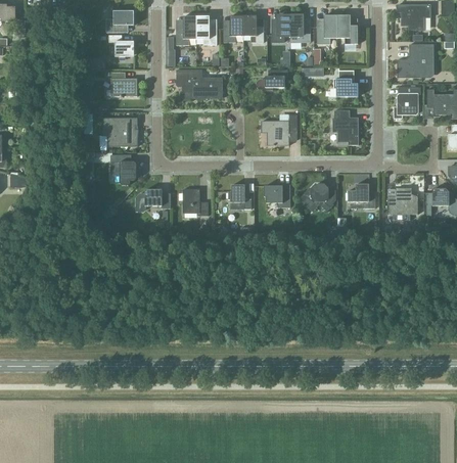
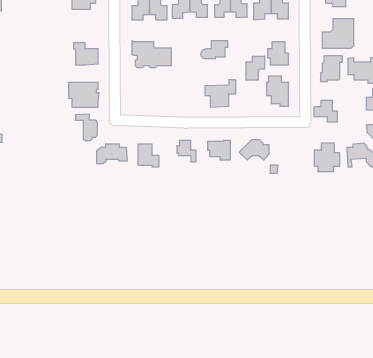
building: [108,35,134,56] -> none
building: none -> [246,56,265,80]
building: [348,183,375,207] -> [314,101,338,122]

